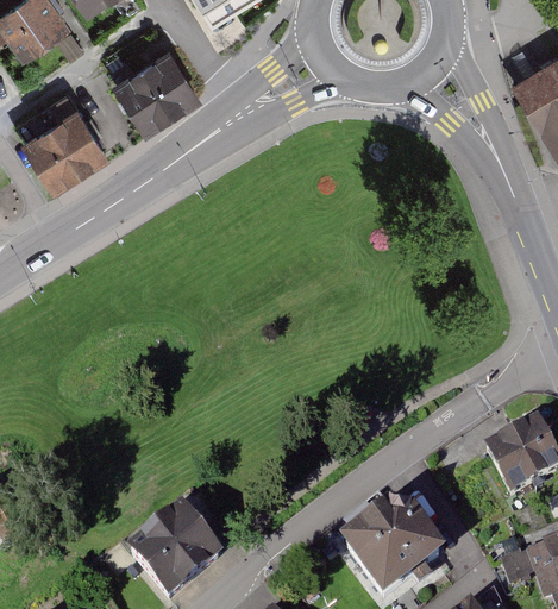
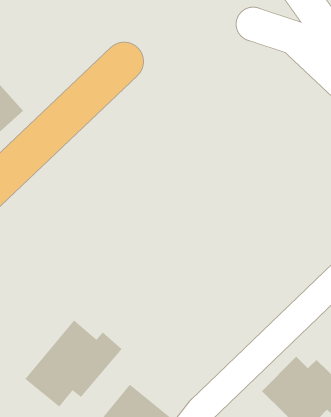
building: [114,45,200,127] -> none
building: none -> [24,320,123,408]

